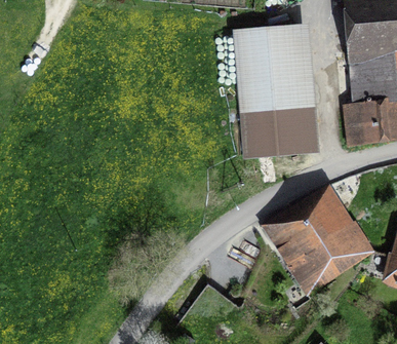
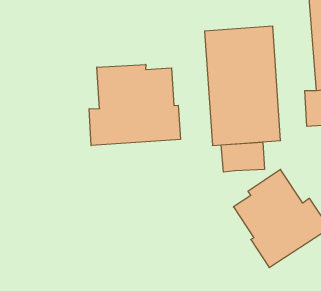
building: none -> [89,64,180,146]
building: none -> [221,142,264,172]

